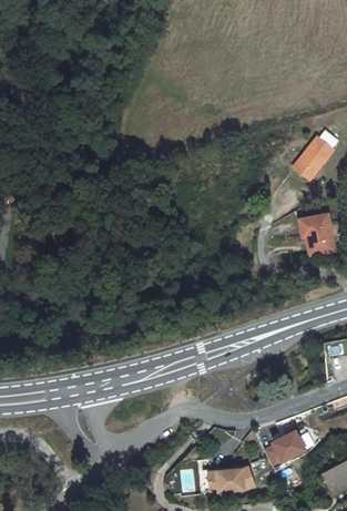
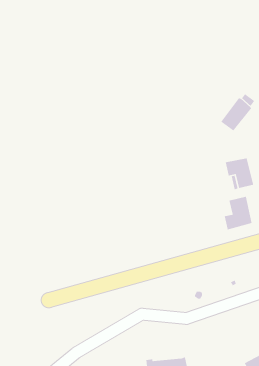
building: none -> [224,196,253,231]
building: [264,429,306,466] -> none

